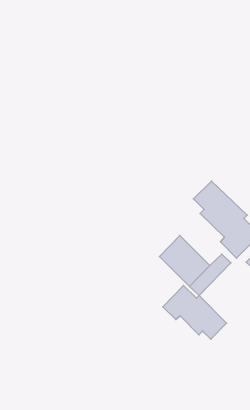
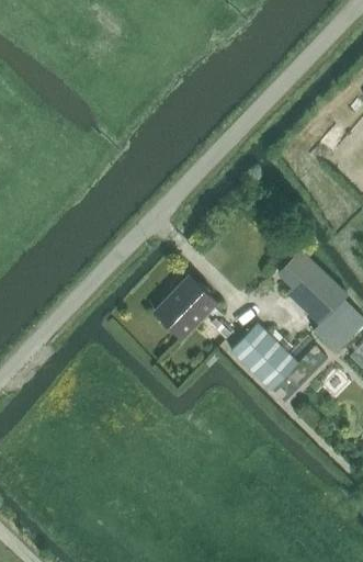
building: none -> [154,274,218,340]
building: [163,286,226,339] -> none

